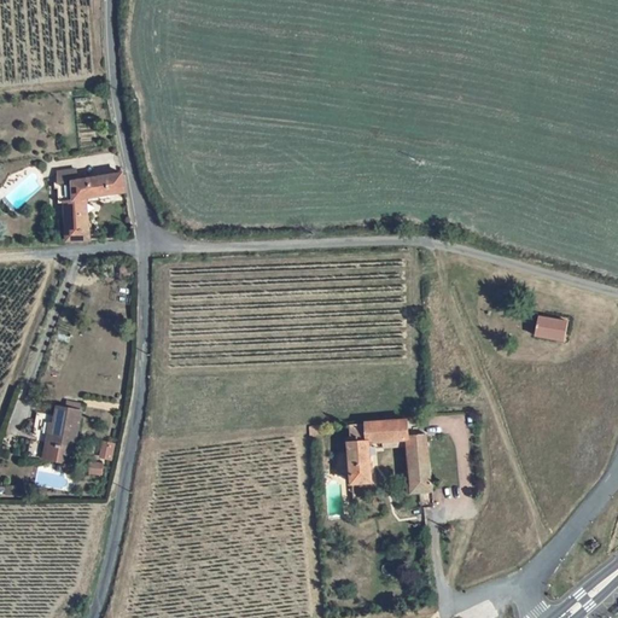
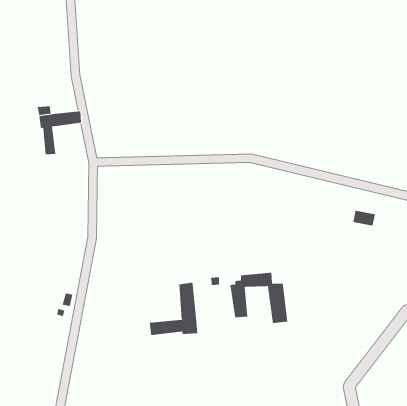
building: [47,406,82,460] -> none
building: none -> [149,282,198,336]

